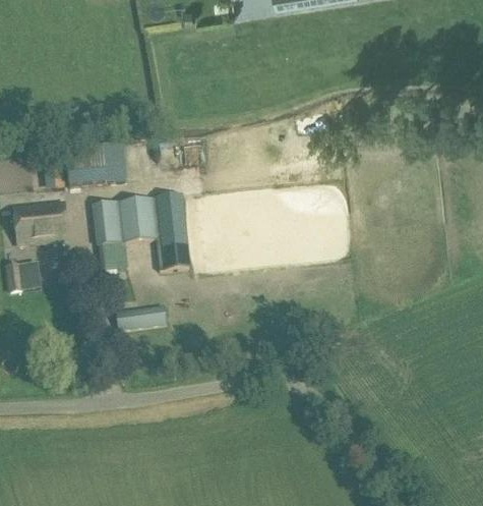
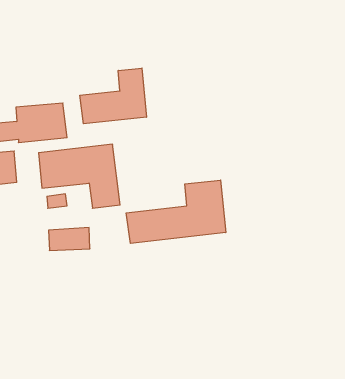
building: none -> [80,68,146,124]
building: none -> [126,180,226,243]

